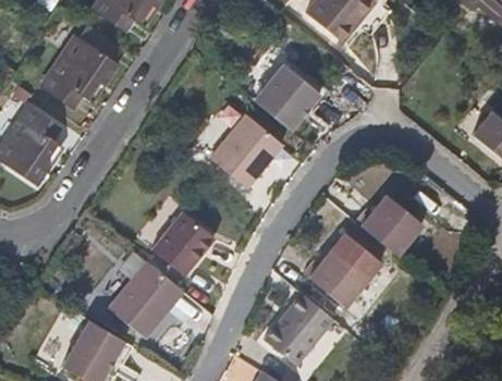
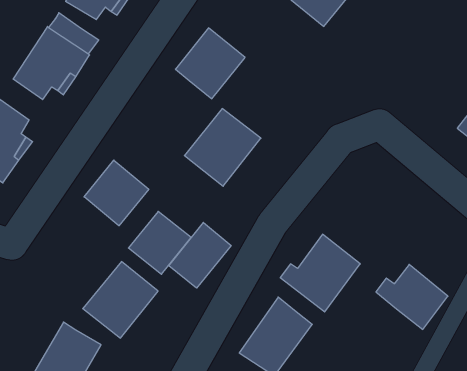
building: [255,59,321,126] -> [175,28,245,99]
building: none -> [84,160,149,226]
building: [351,194,419,256] -> [376,264,448,329]
building: none -> [169,222,231,288]

